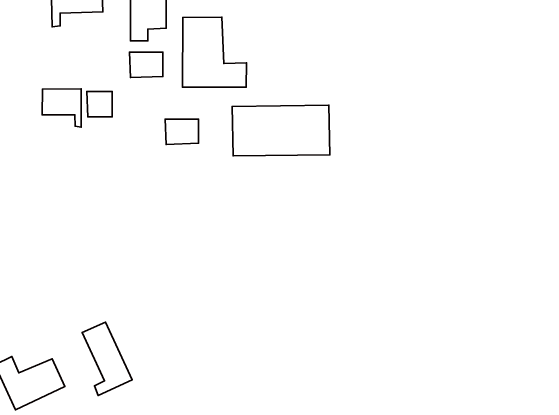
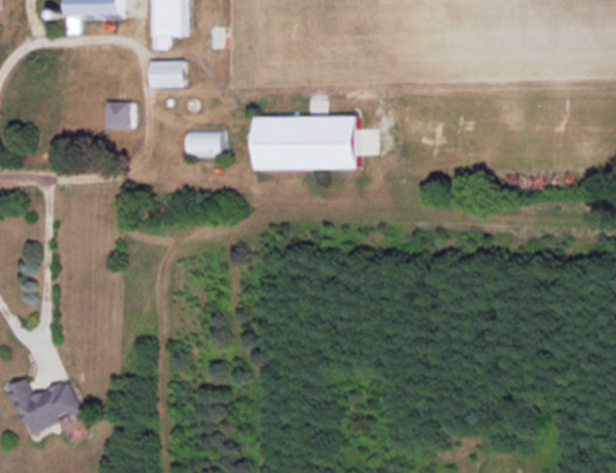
building: [183,17,246,87] -> none
building: [42,89,81,127] -> none
building: [82,322,132,395] -> none

